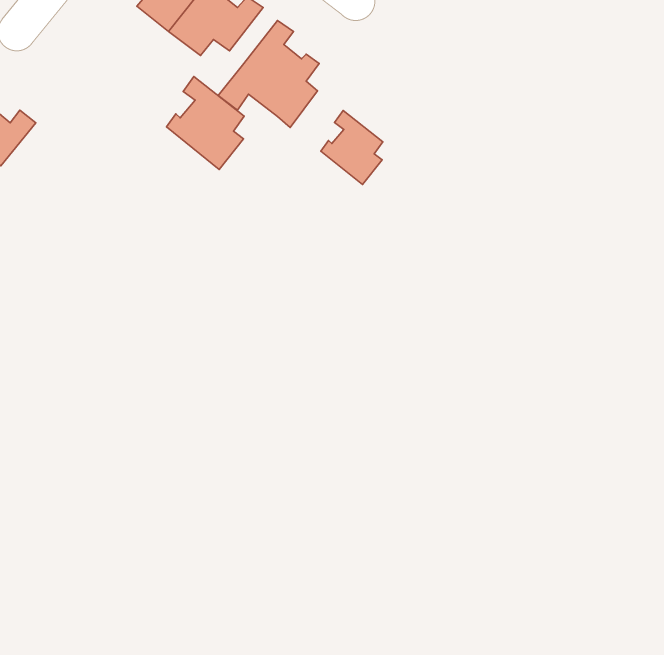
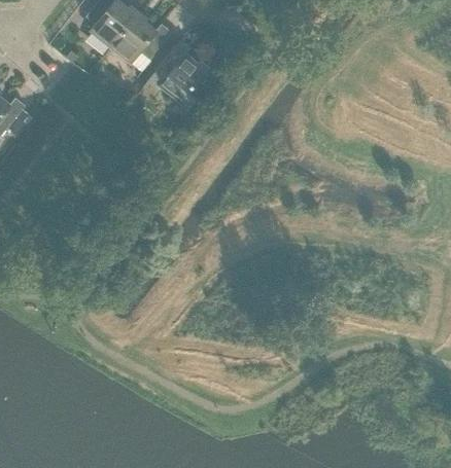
building: [166,76,244,169] -> none
building: [321,110,383,185] -> none

